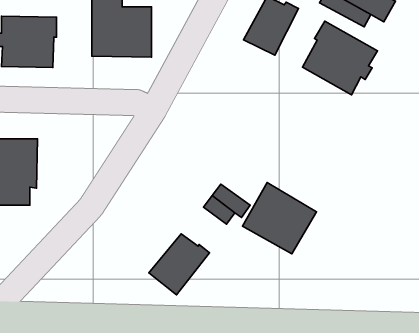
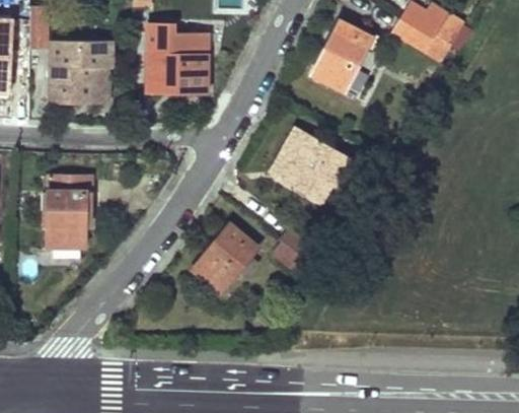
building: [302,21,377,95] -> none
building: [242,183,316,254] -> [268,126,347,202]
building: [149,234,210,295] -> [192,227,256,292]

